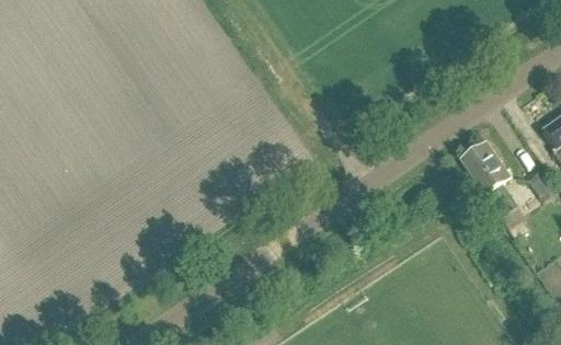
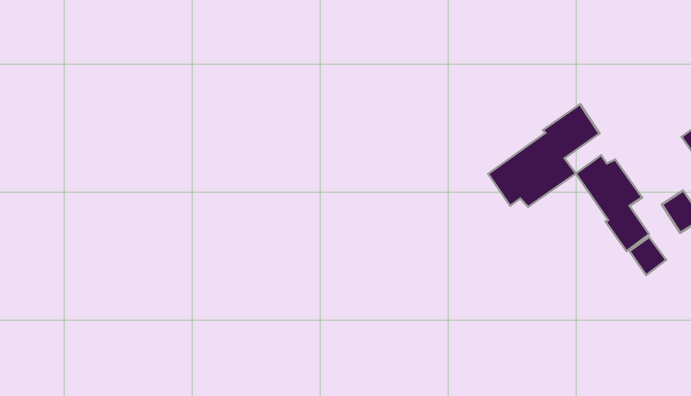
building: none -> [488,104,599,207]

